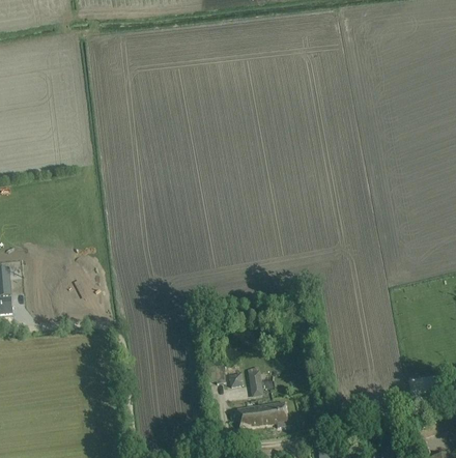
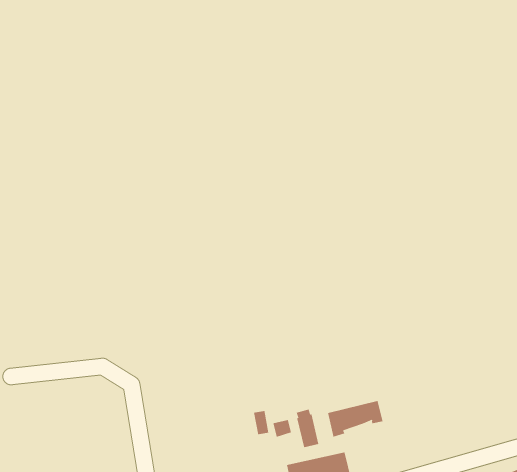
building: none -> [328,400,383,437]

